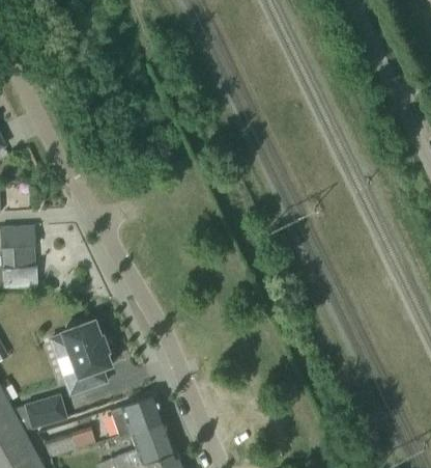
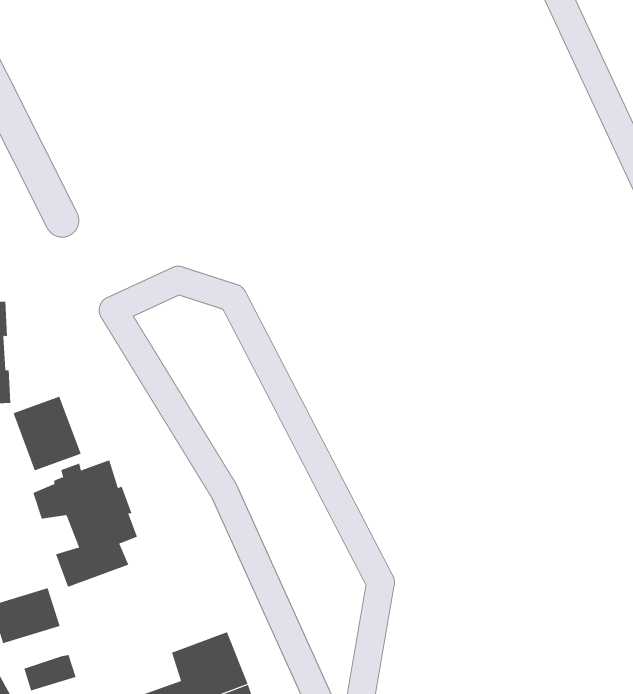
building: none -> [13,396,81,471]
building: [110,395,165,438] -> none

